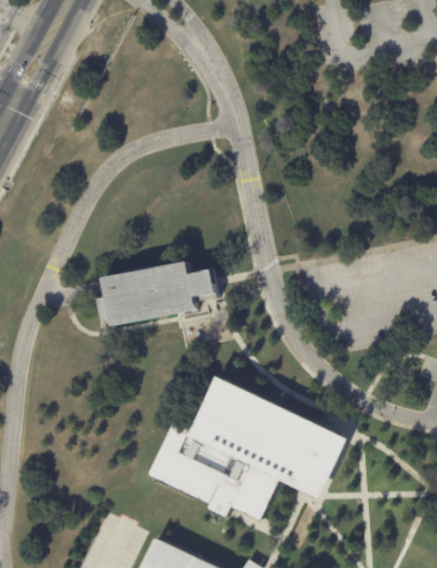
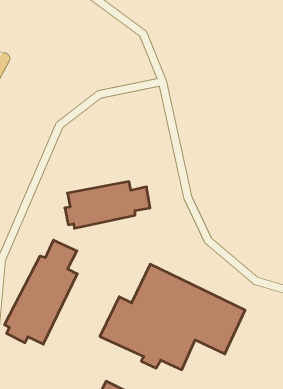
building: none -> [5,240,77,344]

